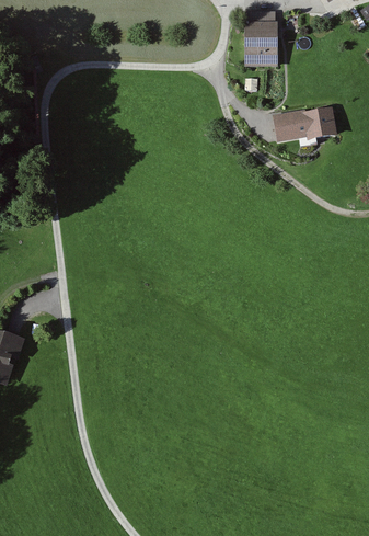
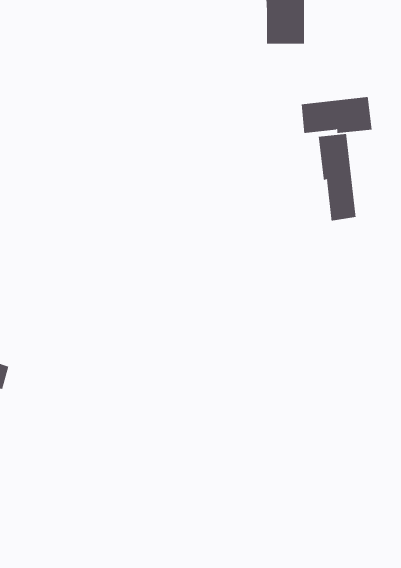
building: none -> [318,133,356,221]

